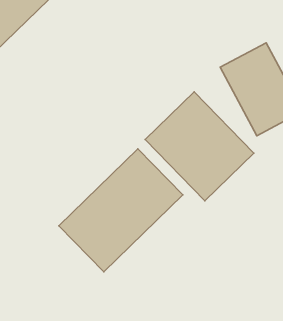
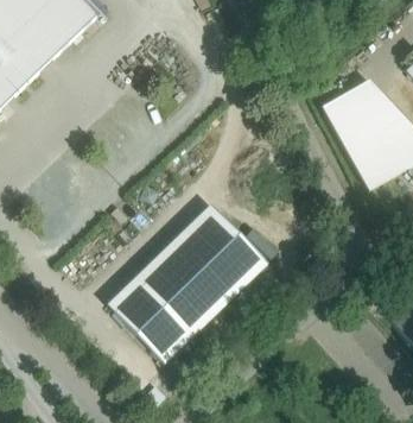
building: [145,92,254,201] -> none

